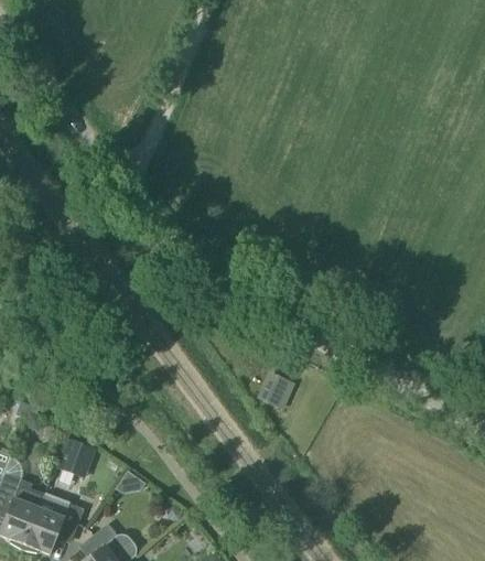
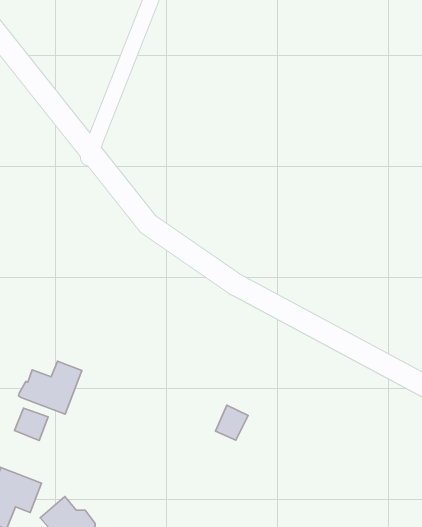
building: [261,374,293,408] -> [216,405,248,440]
building: none -> [18,361,82,414]

